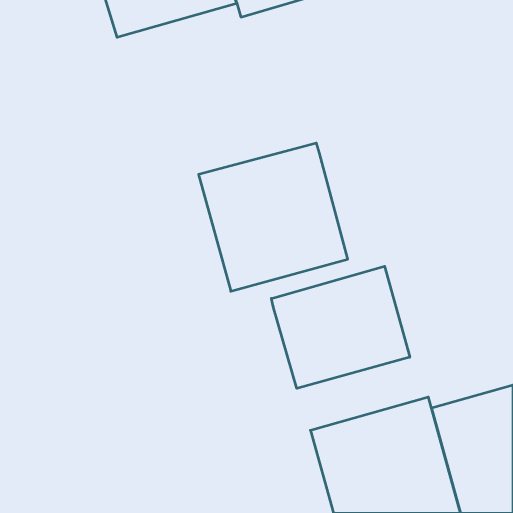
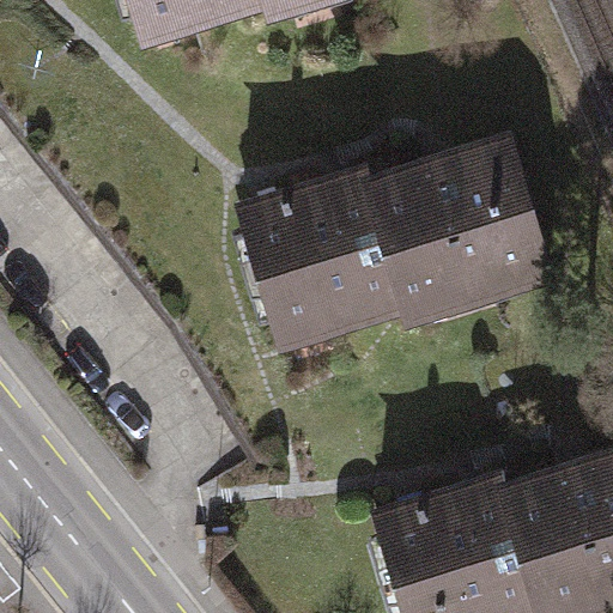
building: none -> [380,141,570,322]
building: [271,266,410,388] -> none

